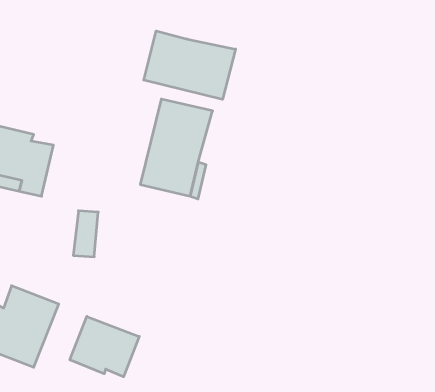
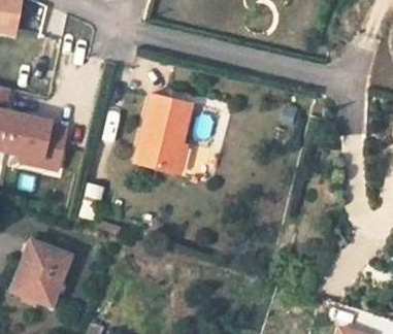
building: [144,31,236,99] -> none
building: [70,316,139,377] -> none

